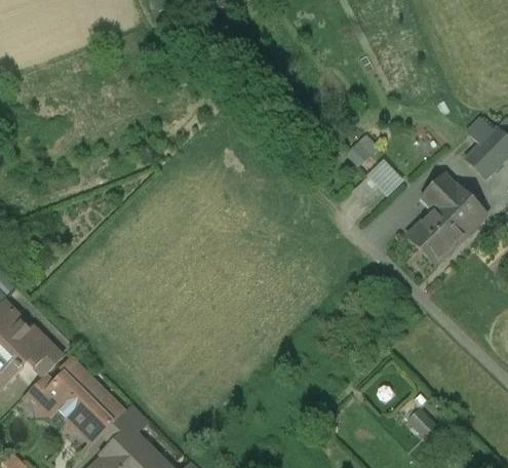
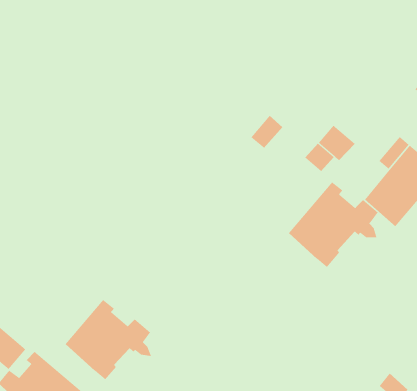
building: [346,133,379,166] -> [251,115,283,148]
building: none -> [288,182,378,268]
building: none -> [65,299,152,380]

